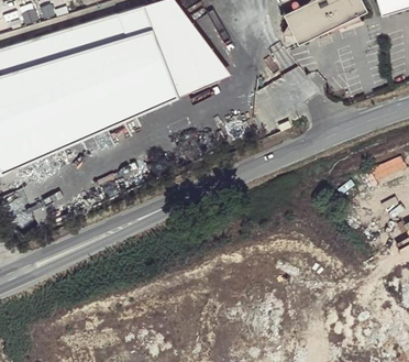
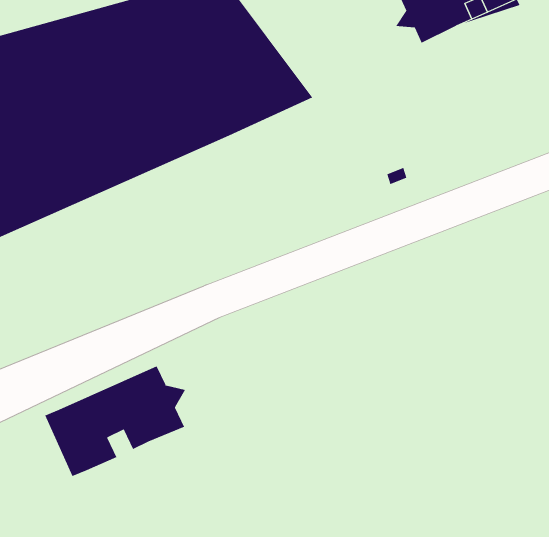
building: none -> [44,365,186,477]

